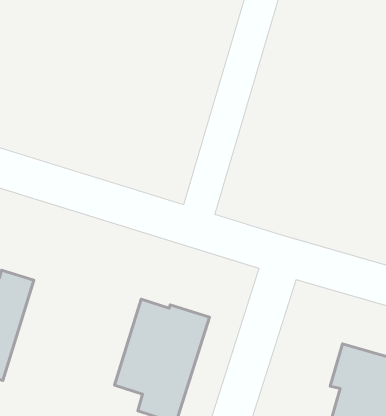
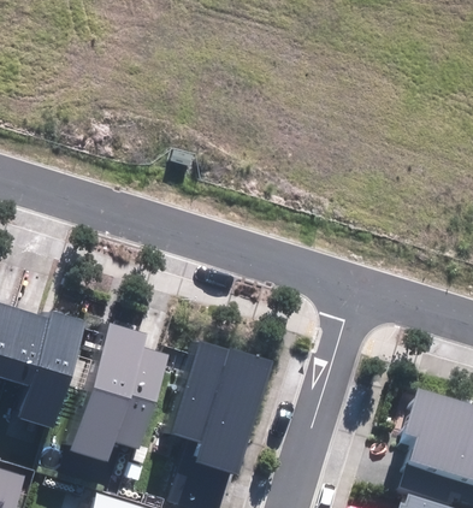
building: none -> [71,324,168,462]

